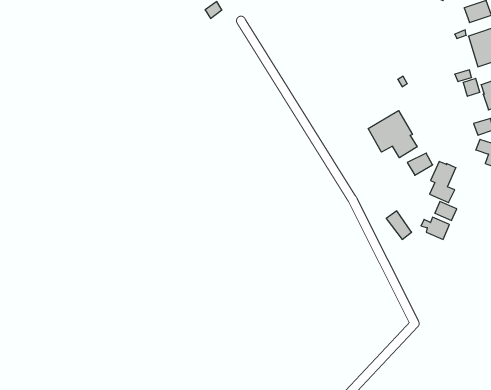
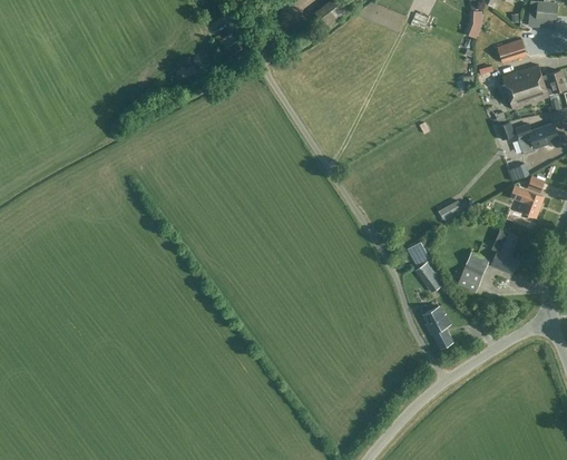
building: [368,111,417,158] -> none
building: [430,162,456,203] -> [491,228,519,272]
building: none -> [423,305,451,348]

